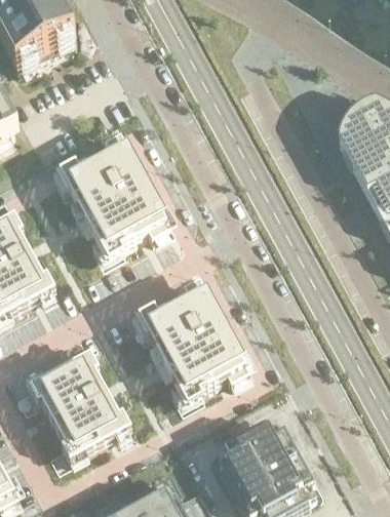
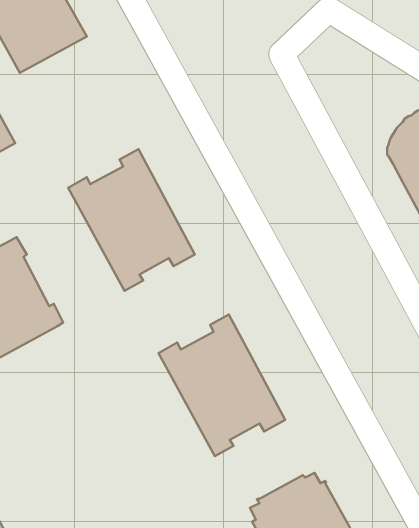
building: [30,351,132,460] -> none

